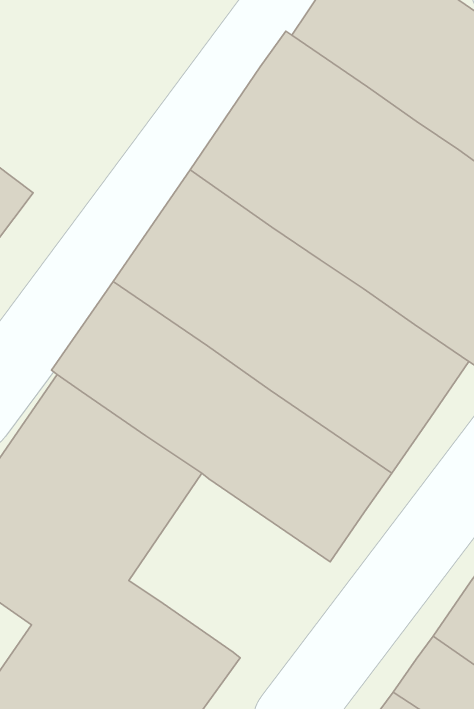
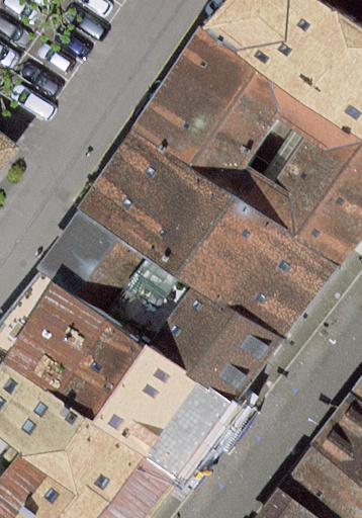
building: none -> [92,343,237,483]

